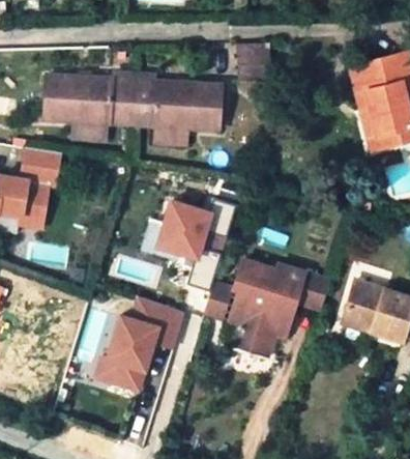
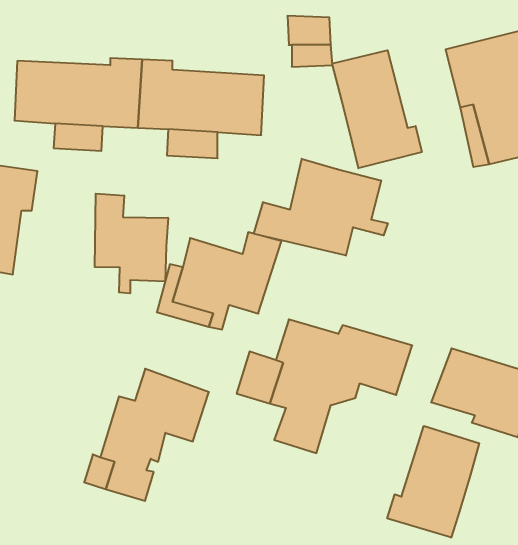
building: none -> [332,50,422,168]
building: none -> [254,159,388,256]
building: none -> [95,194,168,293]
building: none -> [387,426,479,538]

